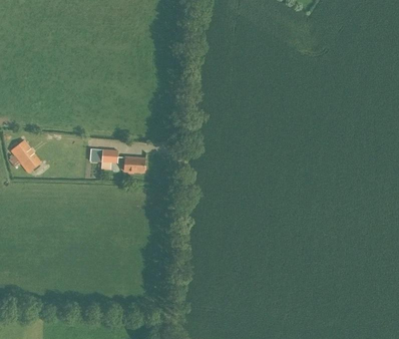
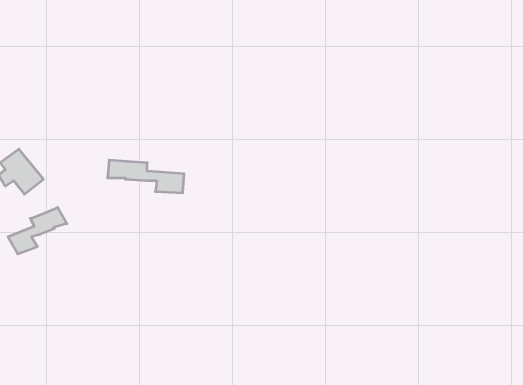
building: none -> [8,207,67,254]

